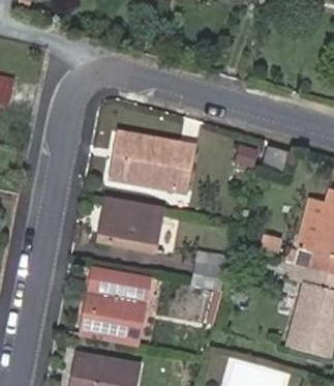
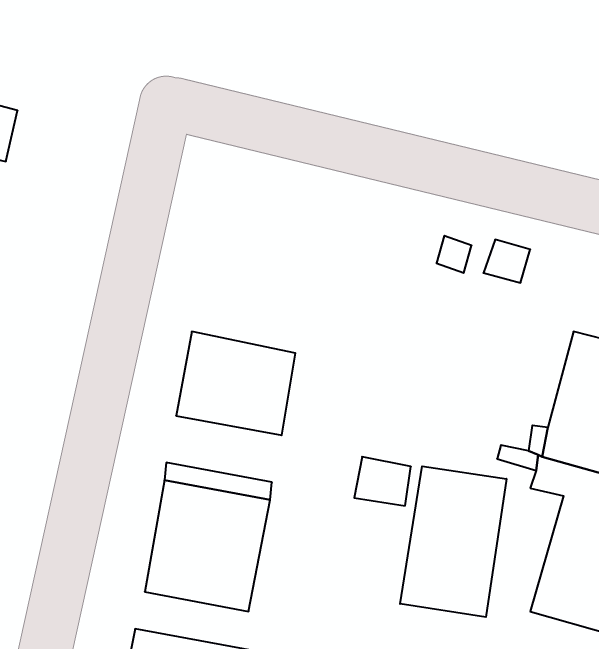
building: [112,132,192,191] -> none
building: none -> [400,466,506,617]

